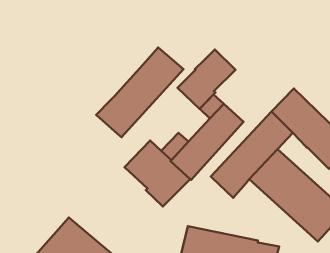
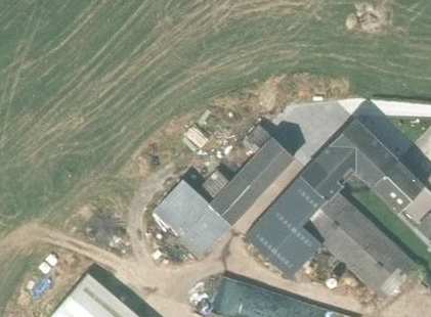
building: [96,48,184,137] -> none
building: [177,50,235,109] -> none
building: none -> [245,225,312,272]

